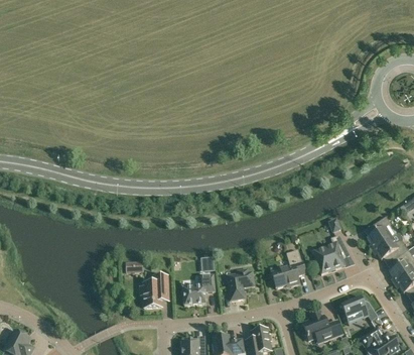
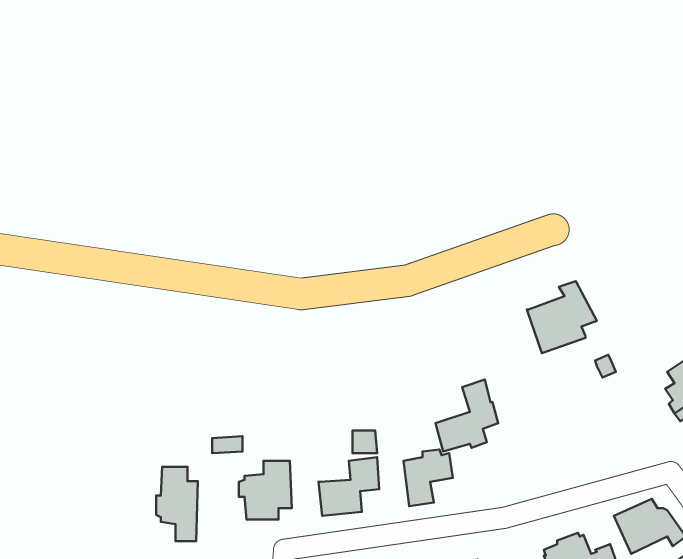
building: [313,235,351,273] -> [527,281,597,353]
building: [272,249,305,287] -> [436,379,498,451]
building: none -> [156,467,198,541]

